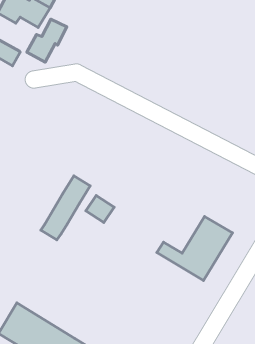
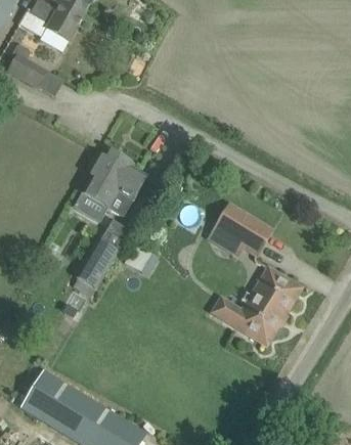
building: [27,19,67,62] -> none
building: none -> [74,148,147,218]
building: none -> [214,204,272,255]

